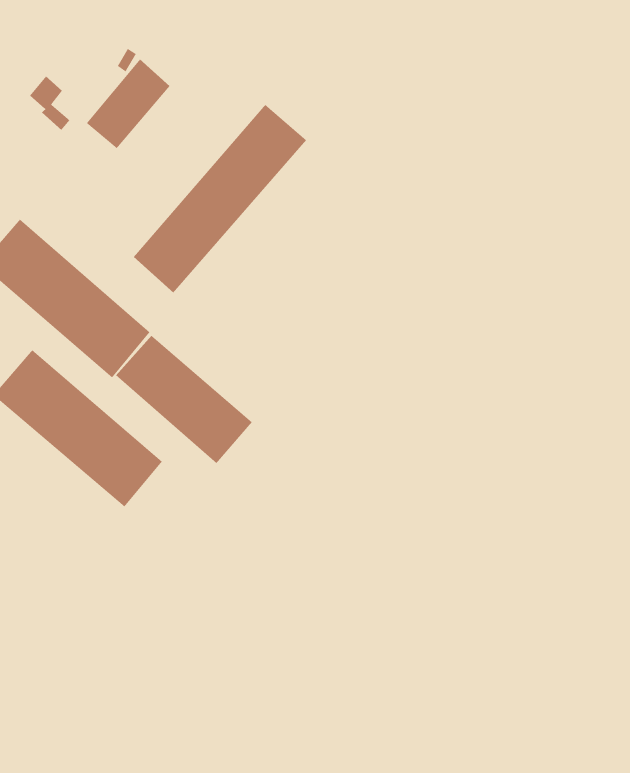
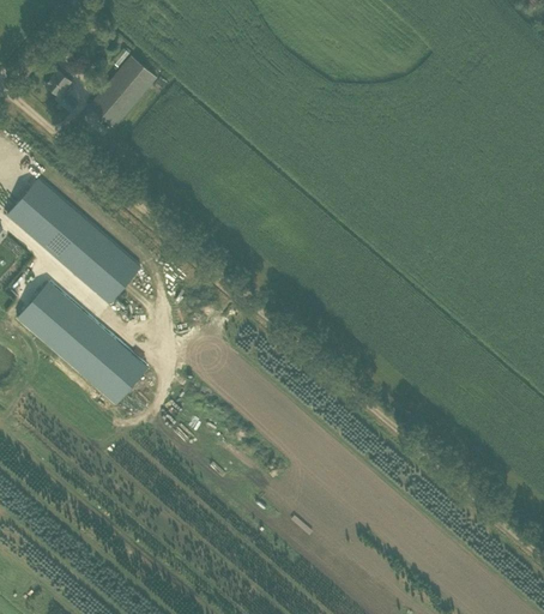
building: [133,104,307,294] -> none
building: [115,335,253,464] -> none

